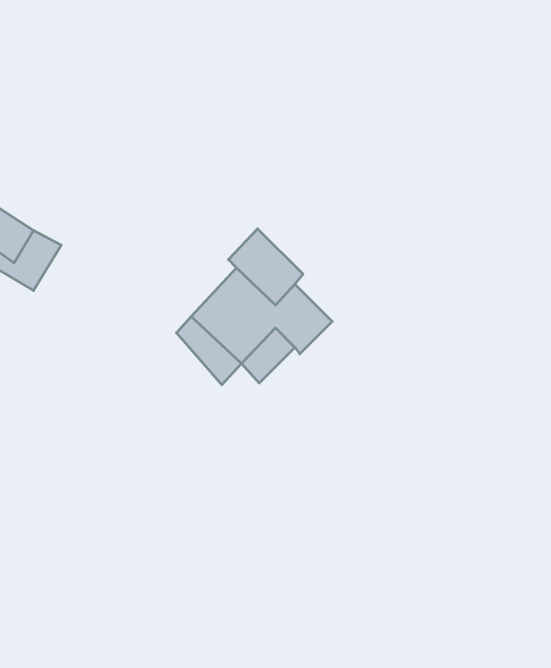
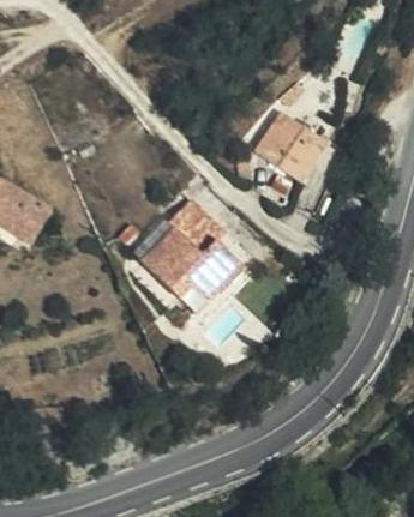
building: none -> [251,124,320,194]

